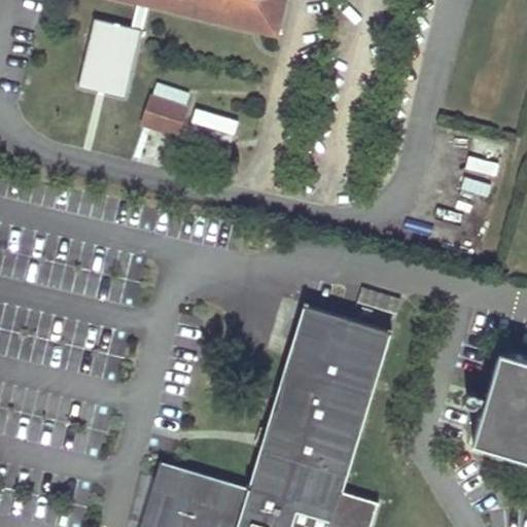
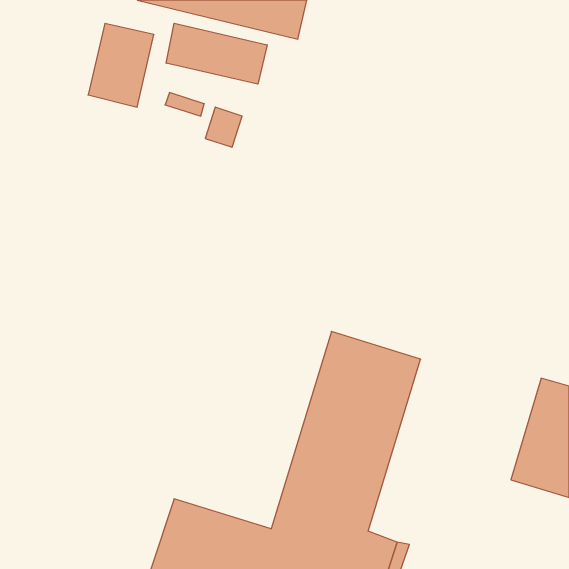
building: none -> [166,23,267,84]
building: [144,98,185,135] -> none

